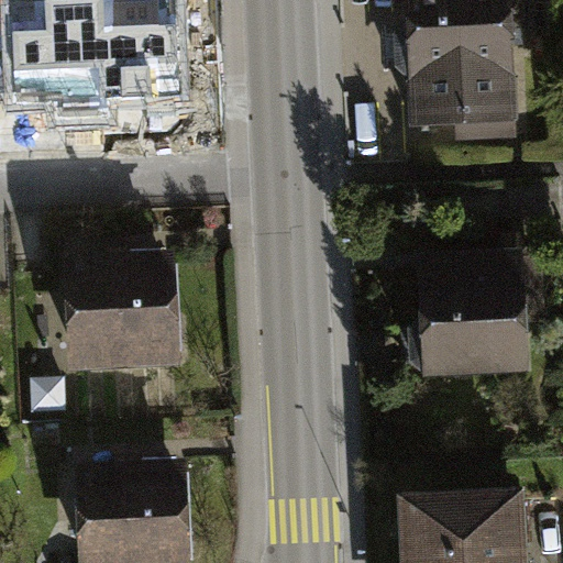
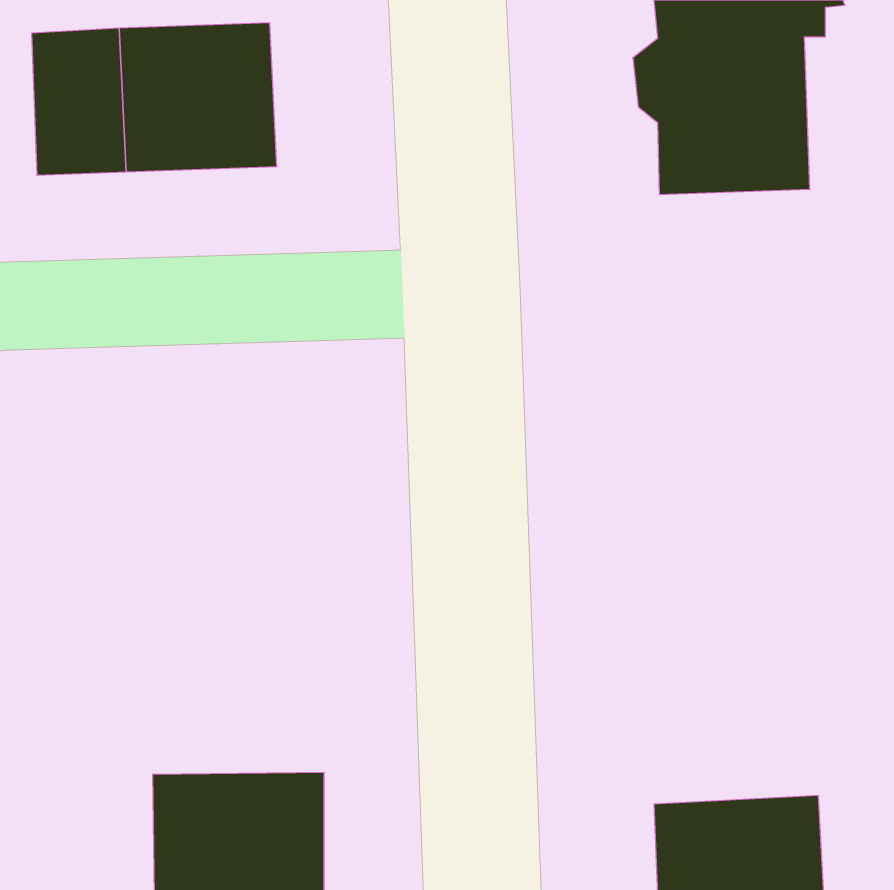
building: [412,261,521,373] -> none
building: [75,266,180,363] -> none

